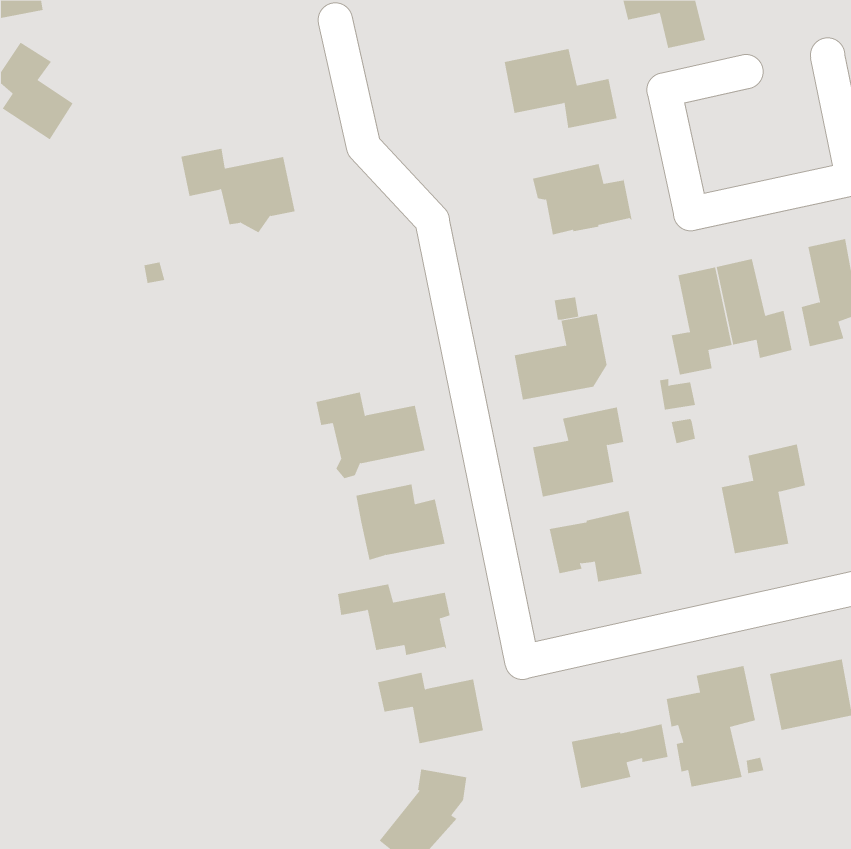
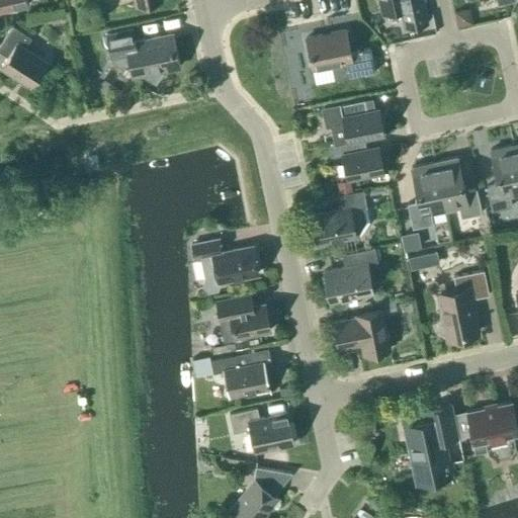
building: [180,148,295,233] -> [107,30,177,82]
building: none -> [331,140,384,180]
building: [571,723,668,789] -> none

